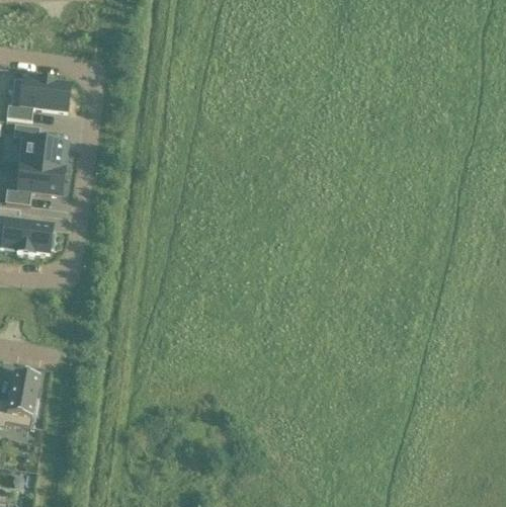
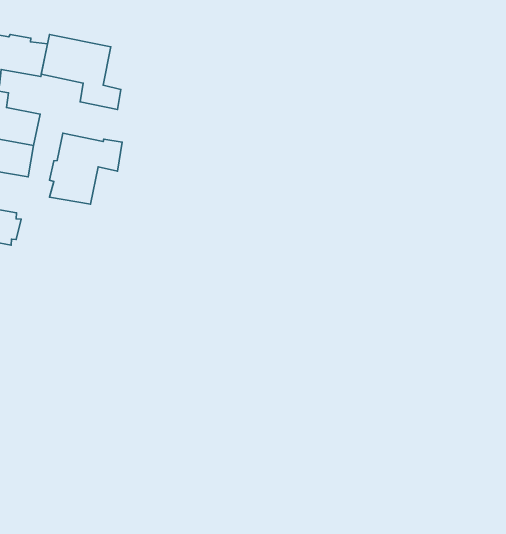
building: none -> [41,34,121,110]
building: none -> [50,133,122,204]

